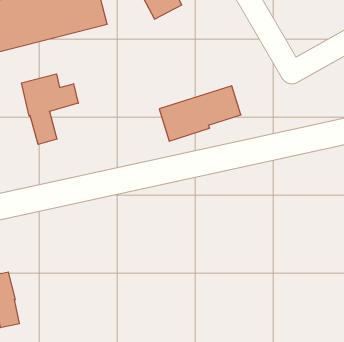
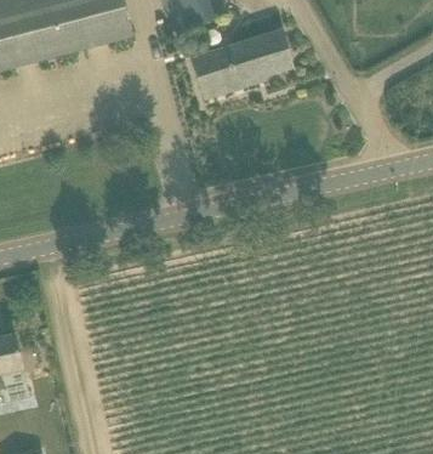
building: [22,74,78,144] -> none
building: [159,86,241,141] -> [192,29,290,96]

